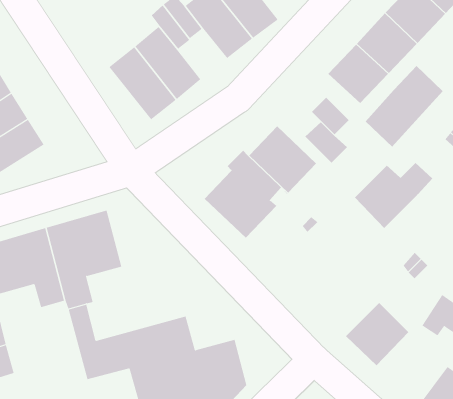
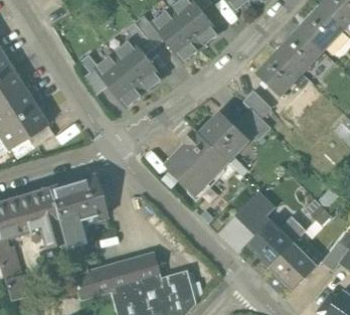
building: [365,65,444,148] -> none
building: [354,162,433,229] -> [247,218,306,268]
building: none -> [237,190,275,227]

